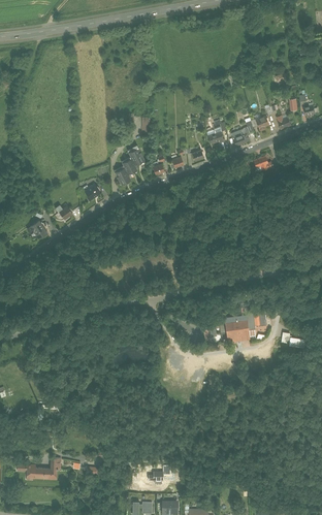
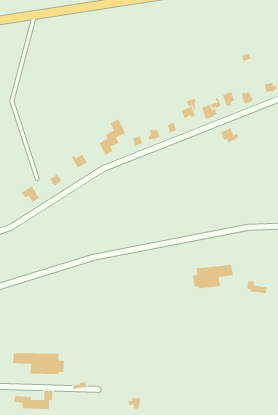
building: none -> [13,352,65,375]

